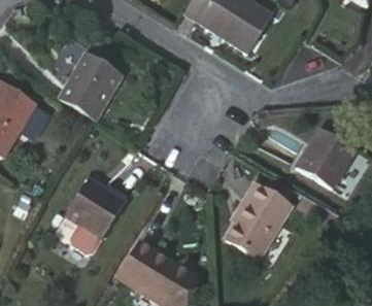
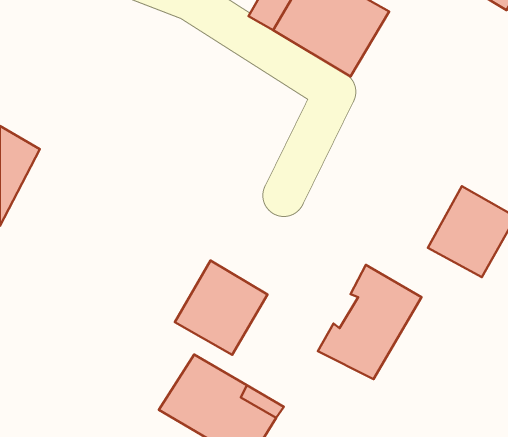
building: [54,52,117,117] -> none
building: [65,176,127,239] -> [175,260,268,355]

